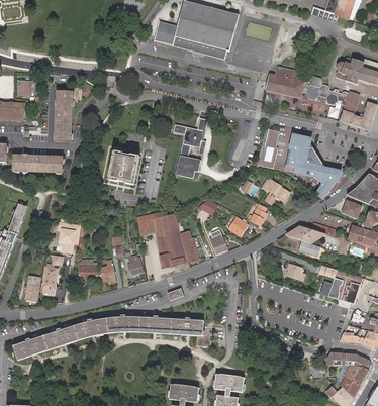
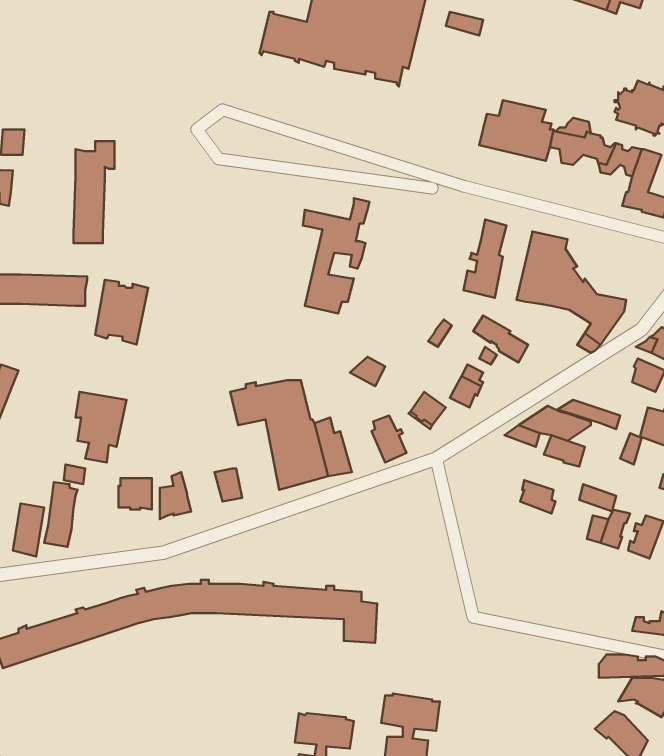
building: [110,151,137,185] -> [95,280,148,344]

